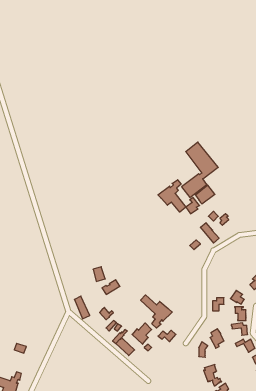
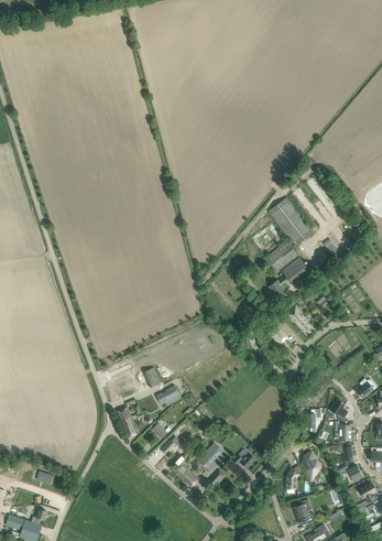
building: [158,180,186,212] -> none
building: [141,295,172,328] -> none

